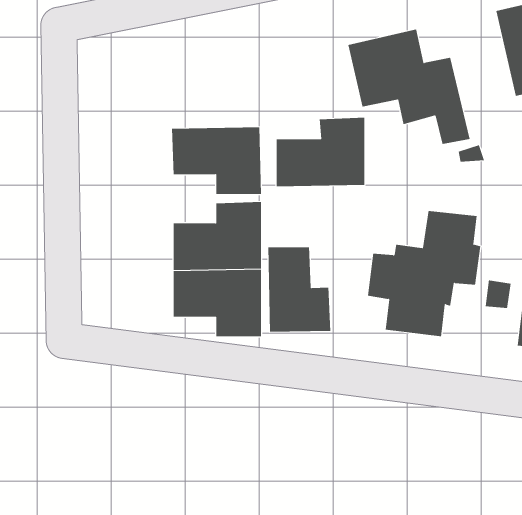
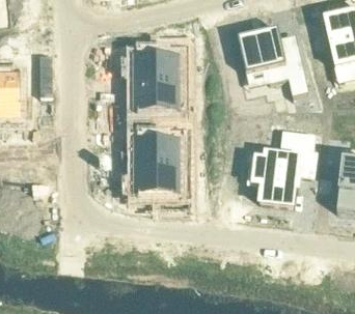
building: [276,117,365,187] -> [132,41,184,82]
building: [268,246,331,332] -> none

